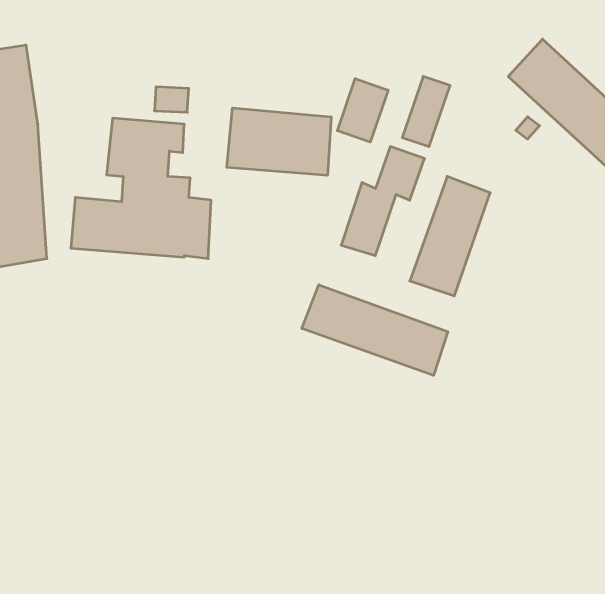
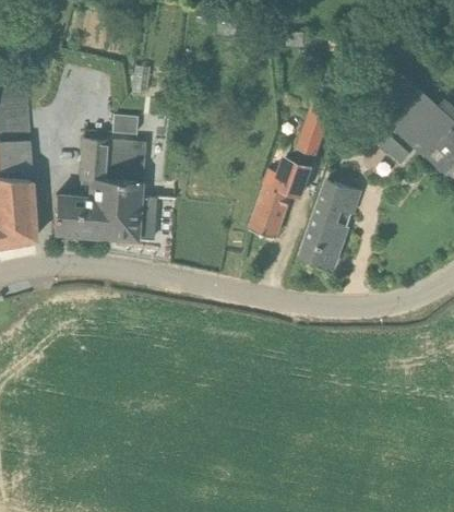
building: [337,79,388,142] -> none
building: [227,108,331,175] -> none
building: [302,285,448,375] -> none

